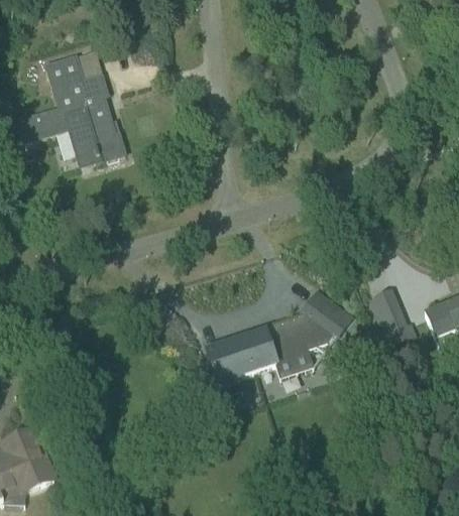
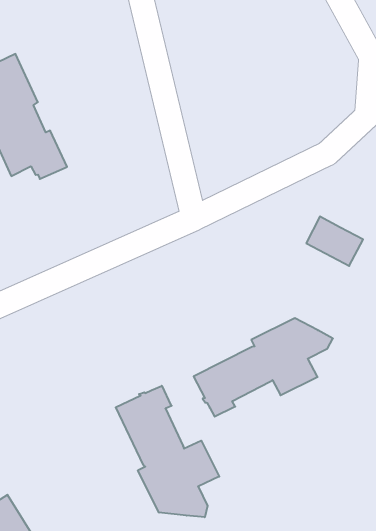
building: [303,290,352,337] -> [306,216,363,266]
building: none -> [116,386,219,517]

